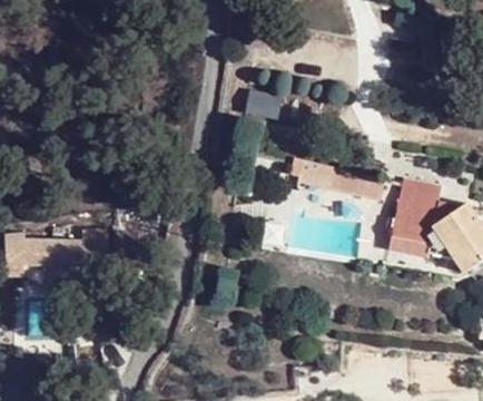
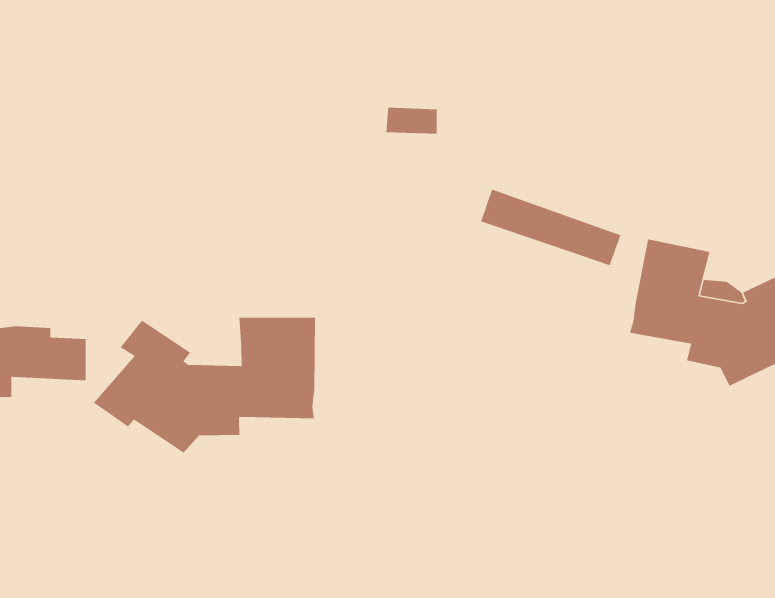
building: none -> [93,317,316,453]

